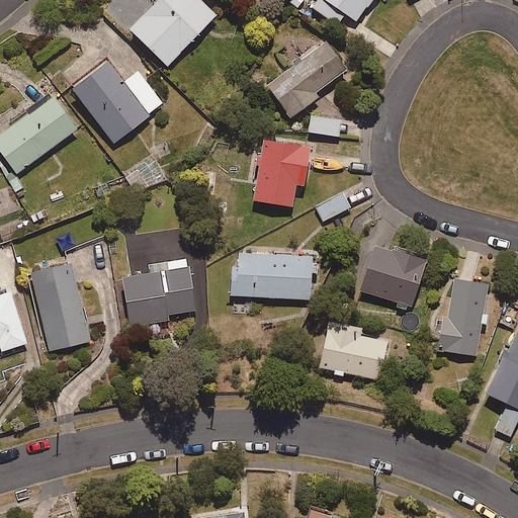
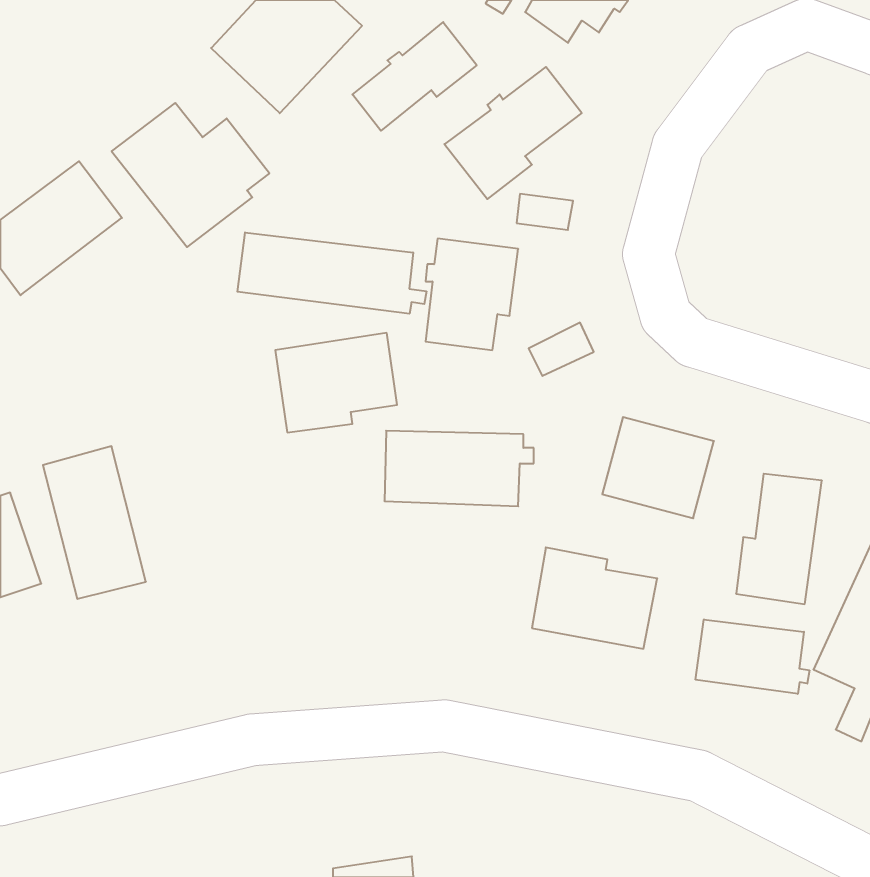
building: none -> [352,22,477,131]
building: none -> [237,232,426,314]
building: [123,268,195,327] -> [275,333,397,432]
building: none -> [696,619,809,694]

